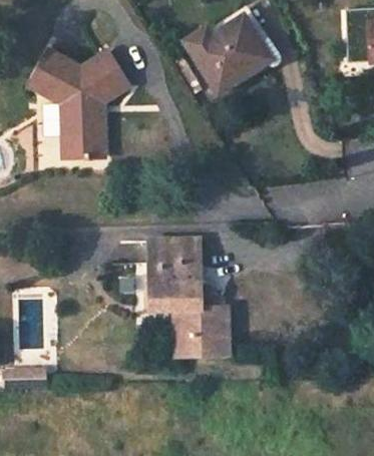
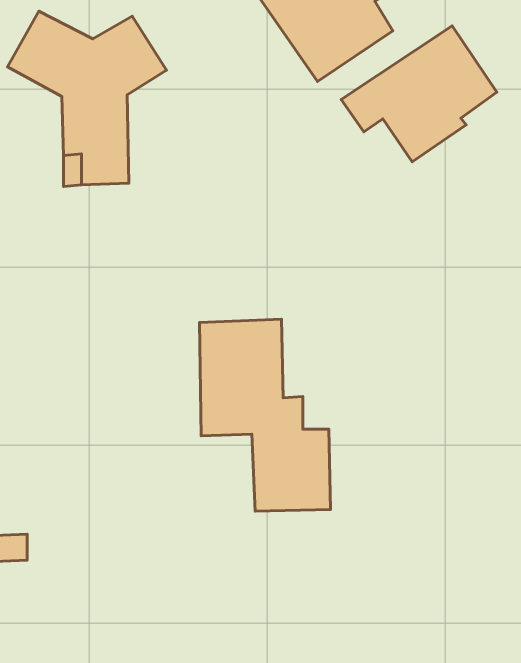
building: none -> [341,26,497,162]

